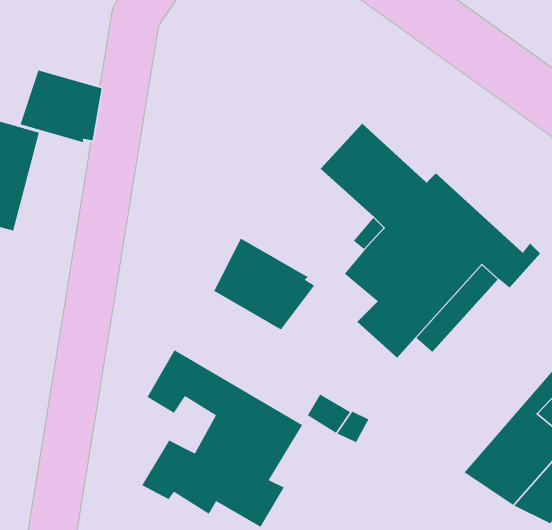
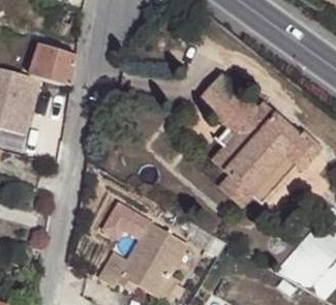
building: [213,238,315,330] -> none

